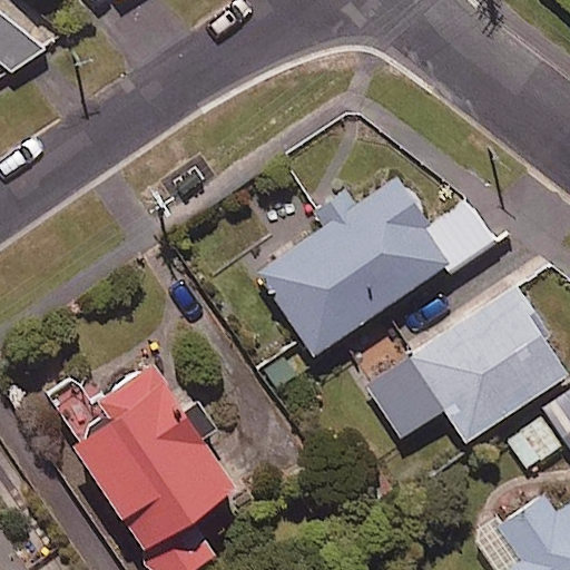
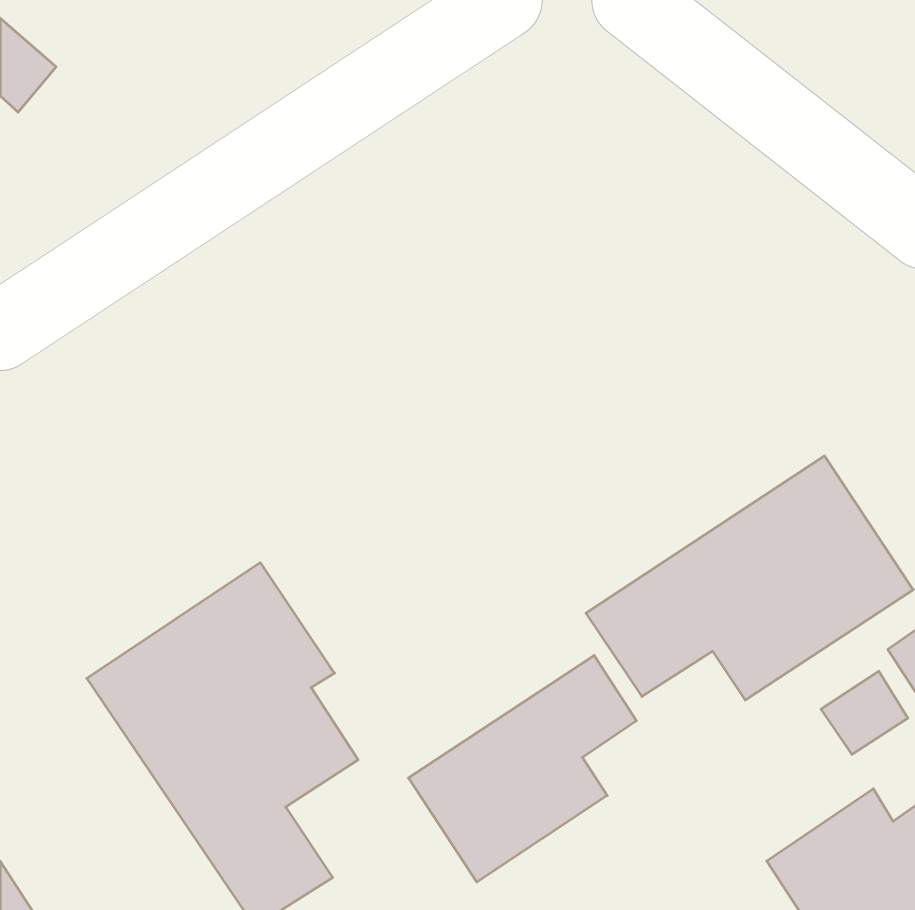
building: [261,179,497,353] -> none
building: none -> [408,655,636,882]

